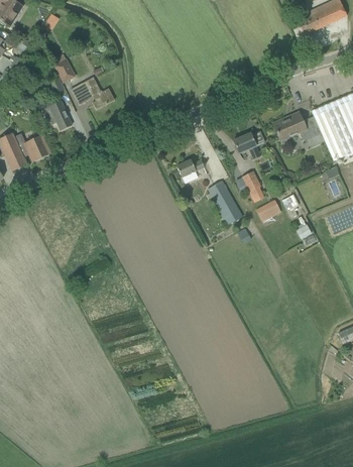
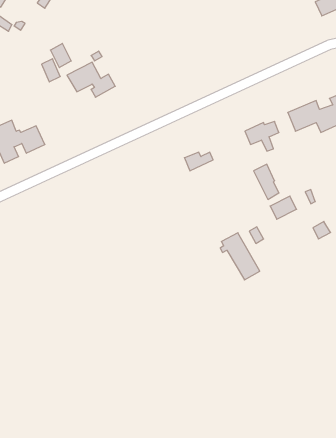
building: [42,101,73,130] -> none
building: [207,181,243,224] -> [220,233,260,280]

